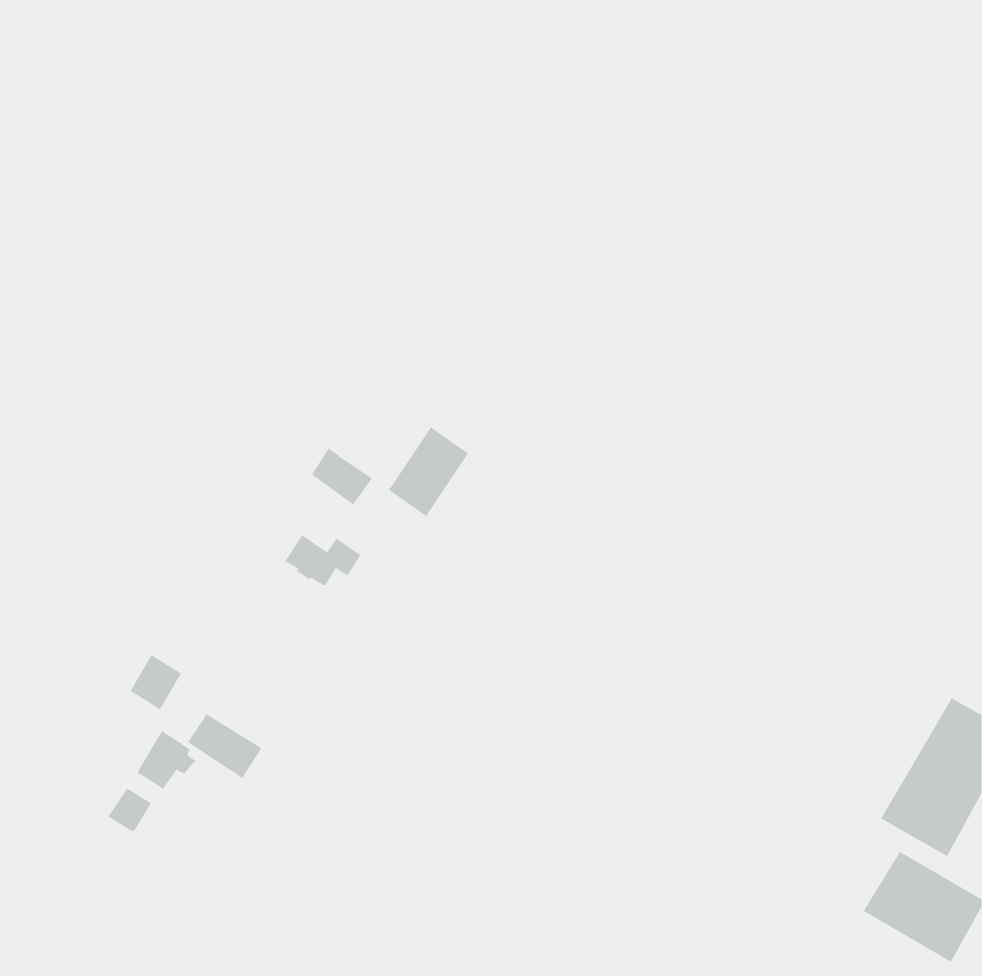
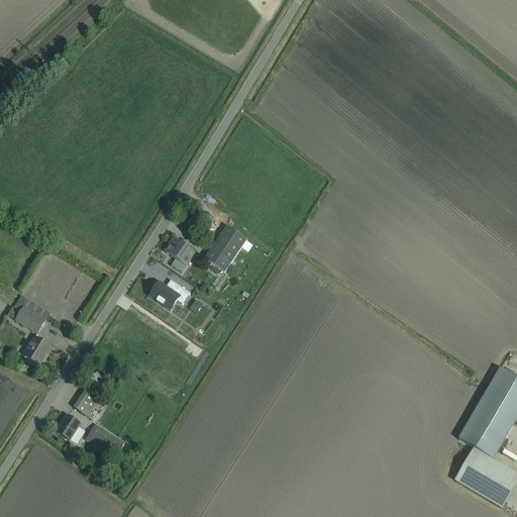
building: none -> [15,305,45,332]
building: [130,654,182,710] -> [23,335,50,365]
building: [187,713,262,779] -> [85,423,124,457]

